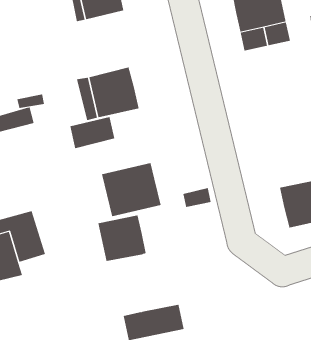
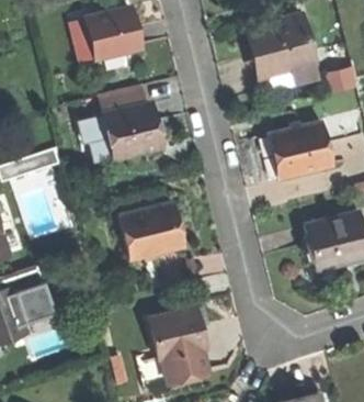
building: none -> [270,125,330,179]
building: [69,117,115,149] -> [96,83,145,118]
building: [98,215,147,262] -> [149,315,201,365]

